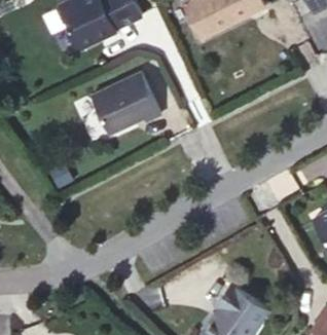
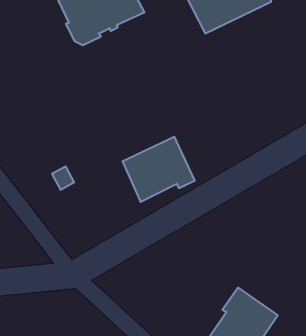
building: [94,71,164,134] -> [122,137,195,202]

